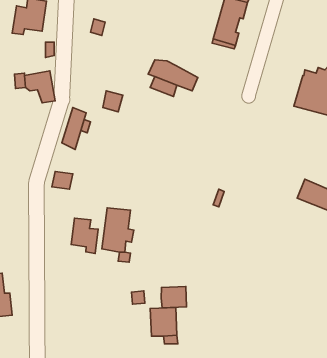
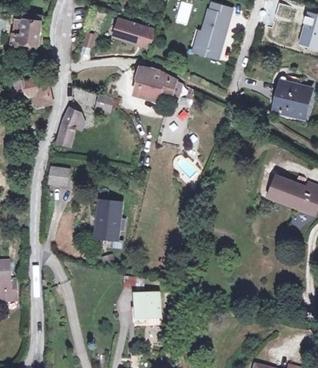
building: none -> [116,20,155,48]
building: [71,218,98,253] -> none
building: [161,286,187,308] -> none

